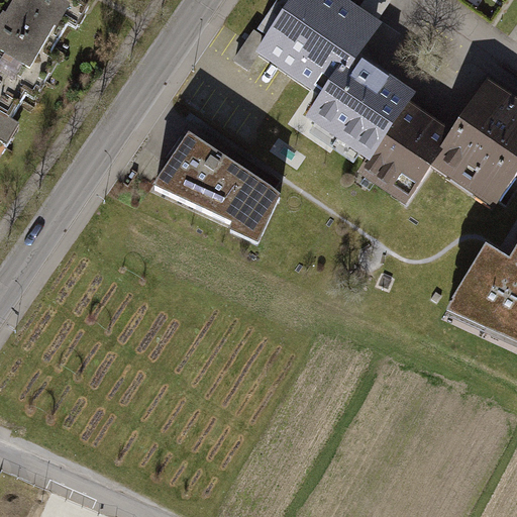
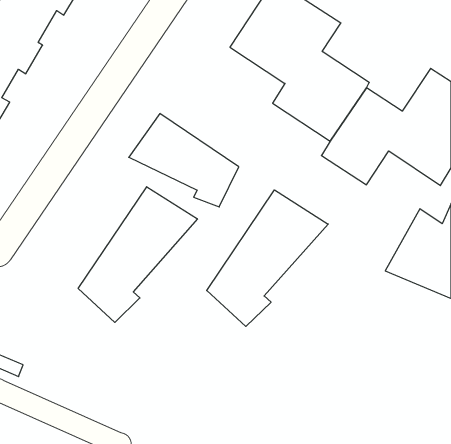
building: none -> [78,187,197,322]
building: none -> [207,190,328,326]

